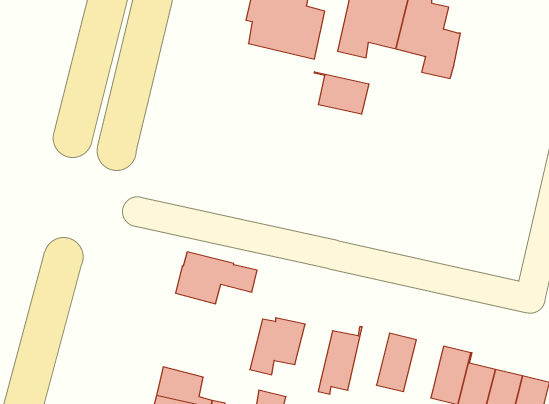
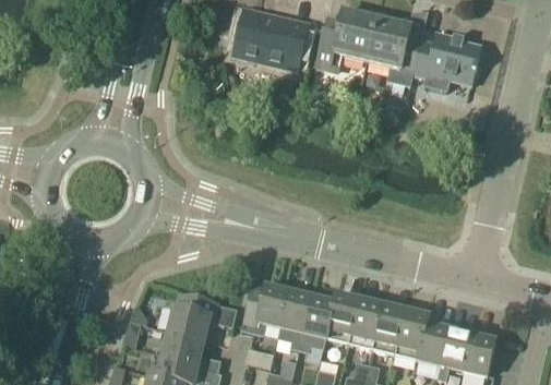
building: none -> [415,32,480,81]
building: [314,72,369,114] -> none
building: [176,252,257,304] -> [169,294,238,338]
building: none -> [277,293,312,350]
building: none -> [327,296,360,345]
building: none -> [372,306,406,356]

